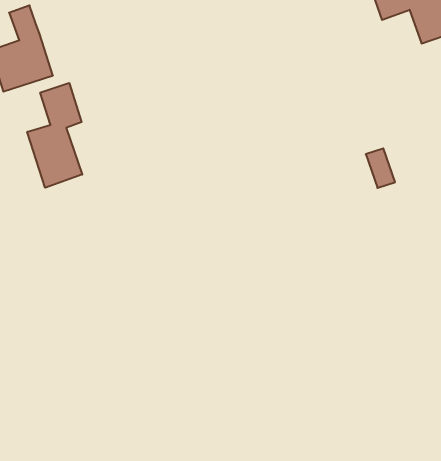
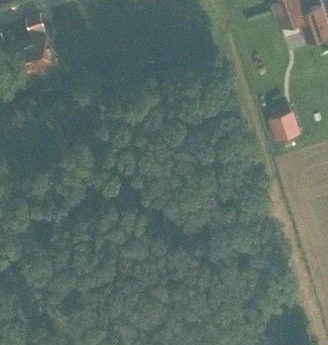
building: [27,83,82,188] -> none

